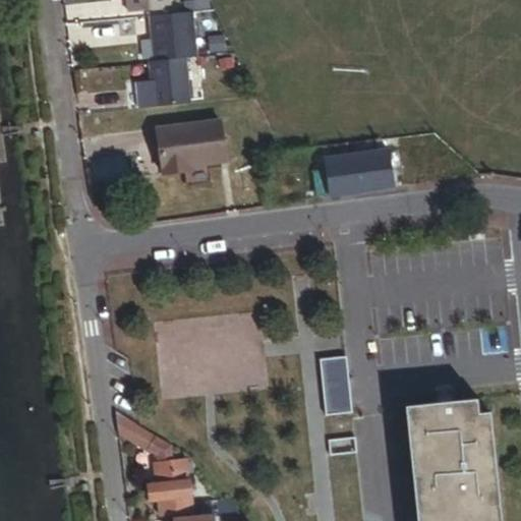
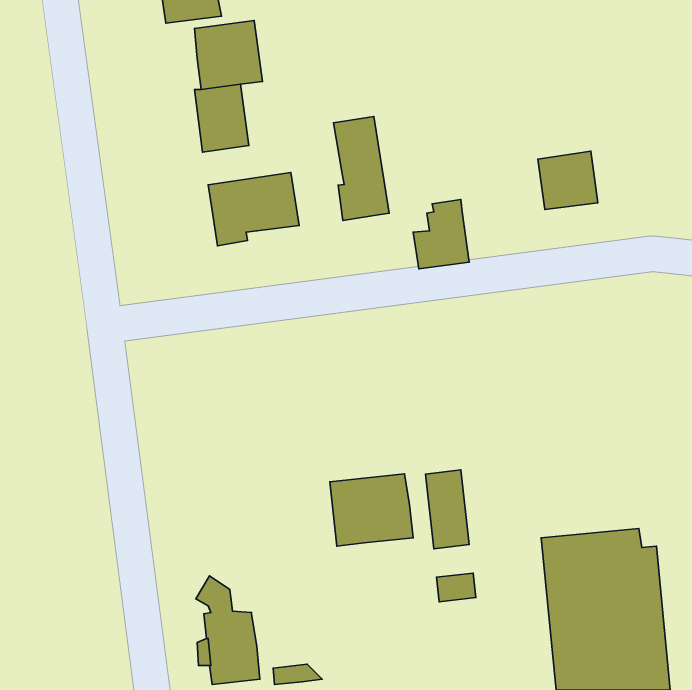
building: none -> [334,116,389,220]
building: [346,153,391,196] -> [538,151,598,209]
building: none -> [330,474,413,546]

